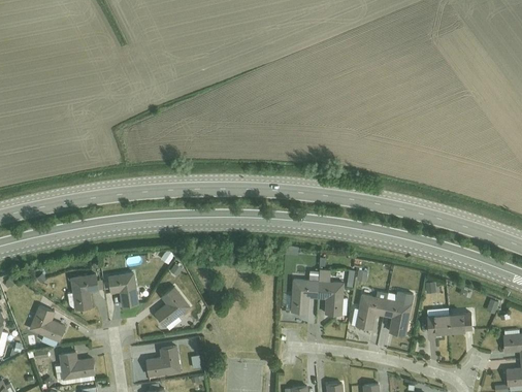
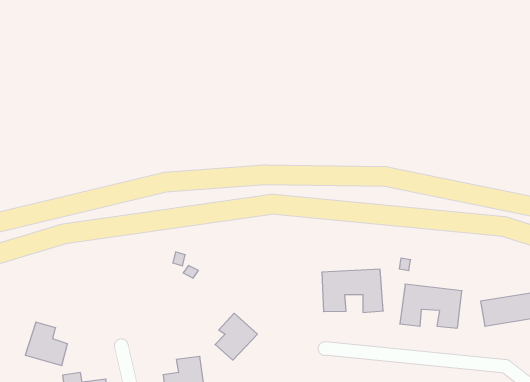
building: [108,271,136,307] -> none
building: [70,272,100,313] -> none
building: [155,284,192,324] -> [215,313,257,360]

